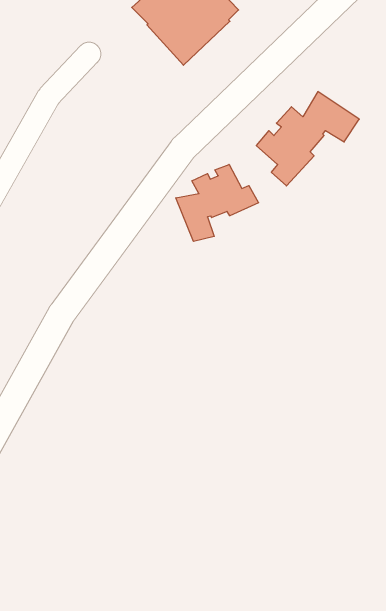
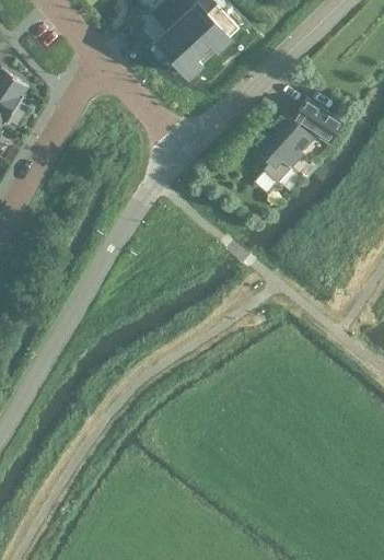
building: [176,164,259,241] -> none

